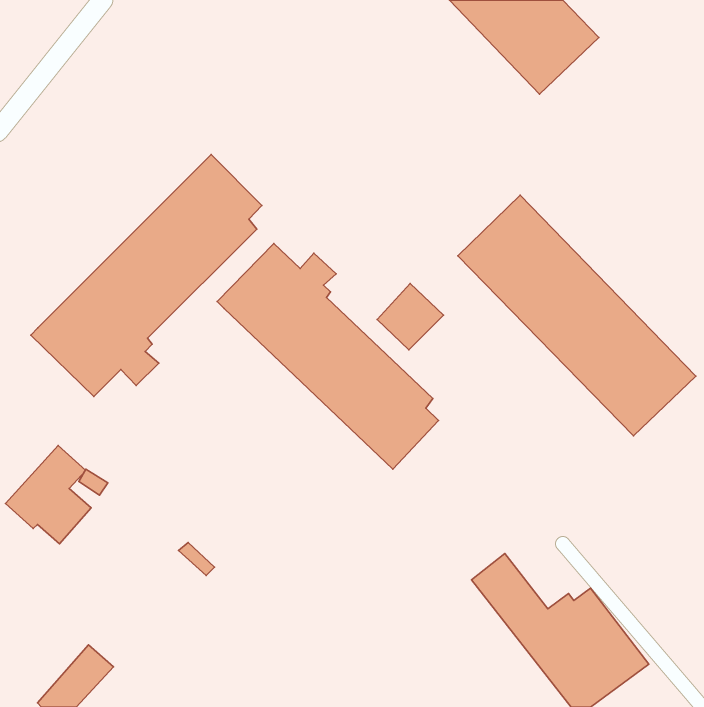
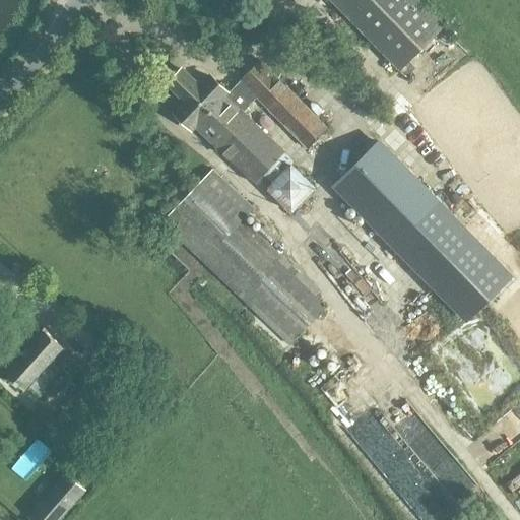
building: none -> [167,60,326,183]
building: [31,155,262,396] -> none
building: [377,283,443,350] -> [265,164,314,212]

